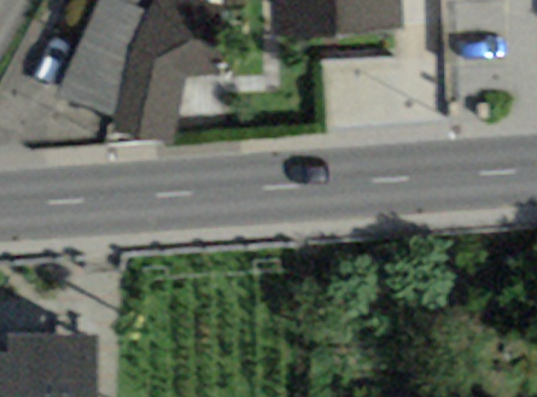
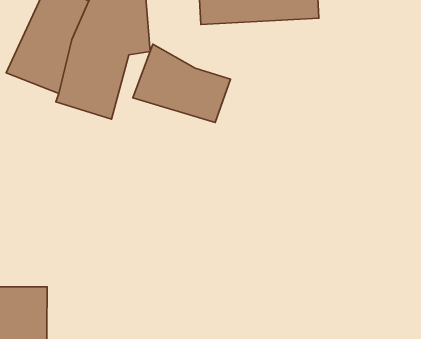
building: none -> [133,44,231,122]

